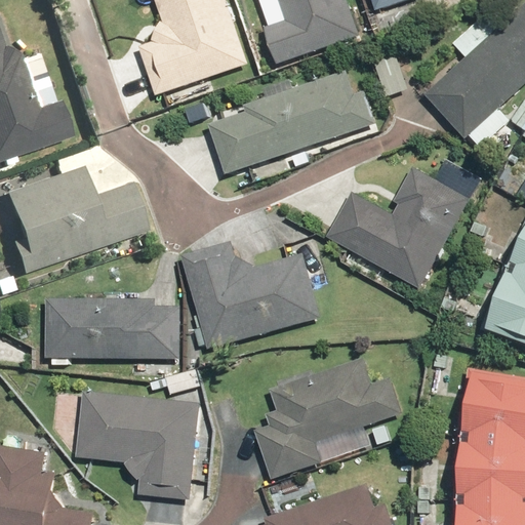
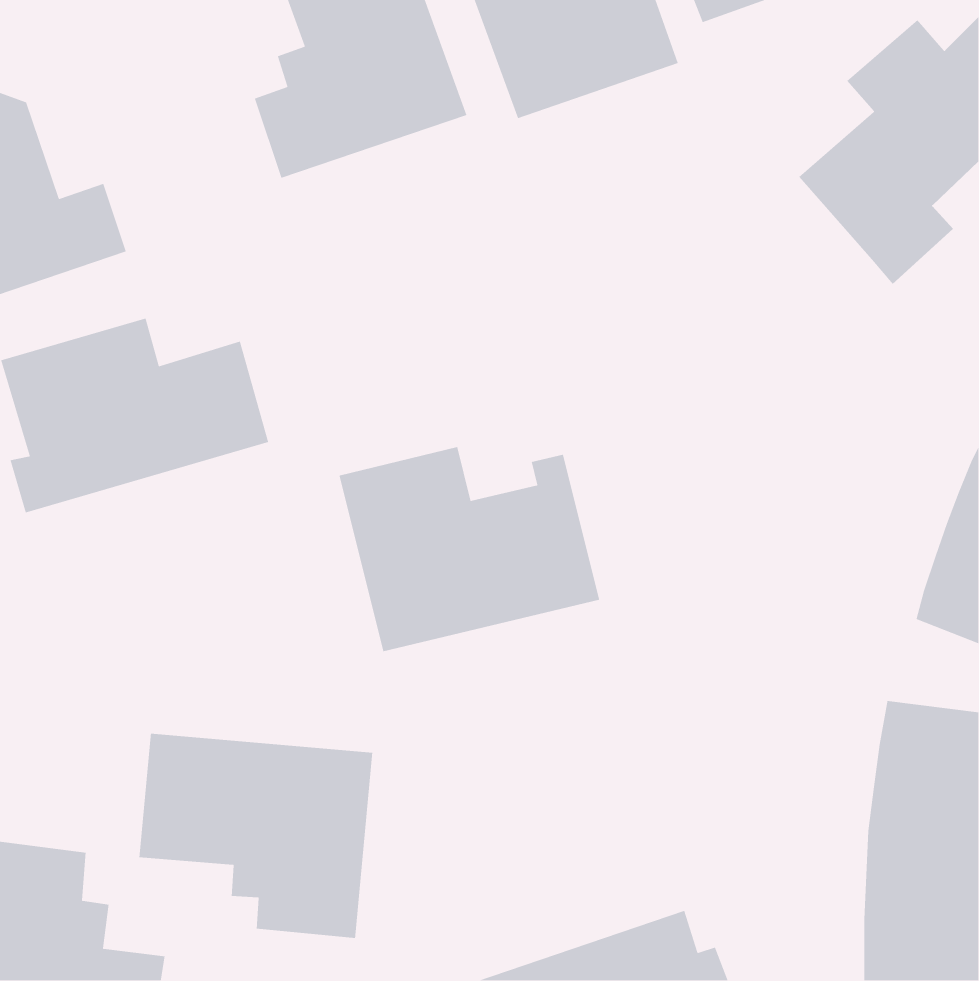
building: [207,70,376,175] -> none
building: [328,167,471,287] -> none
building: [45,297,180,364] -> none
building: [251,356,405,482] -> none

